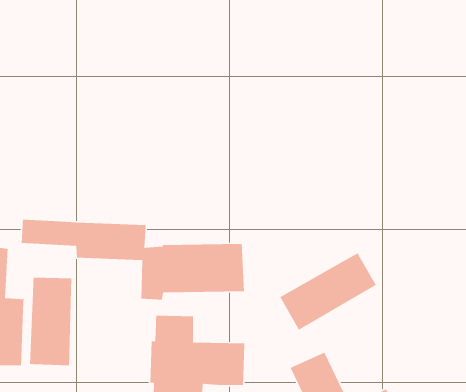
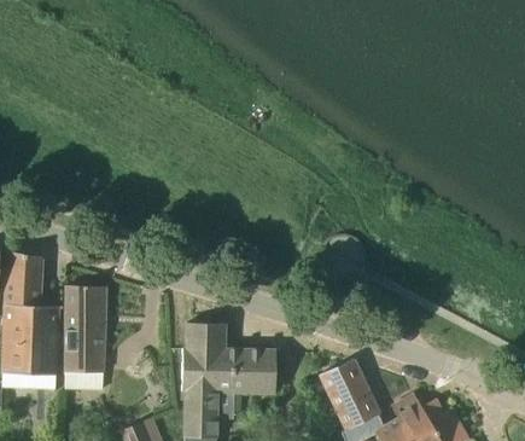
building: [21,219,245,301] -> none
building: [279,252,377,331] -> none

